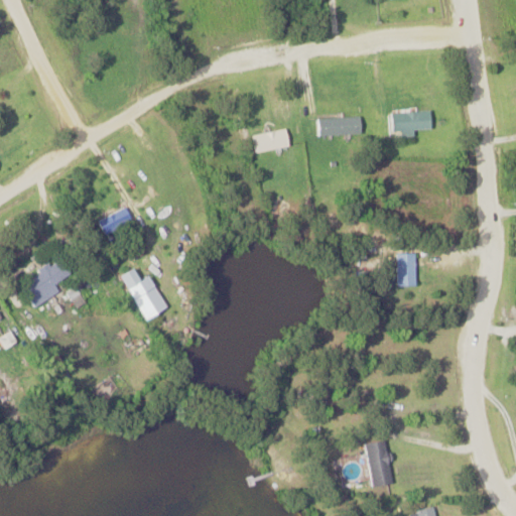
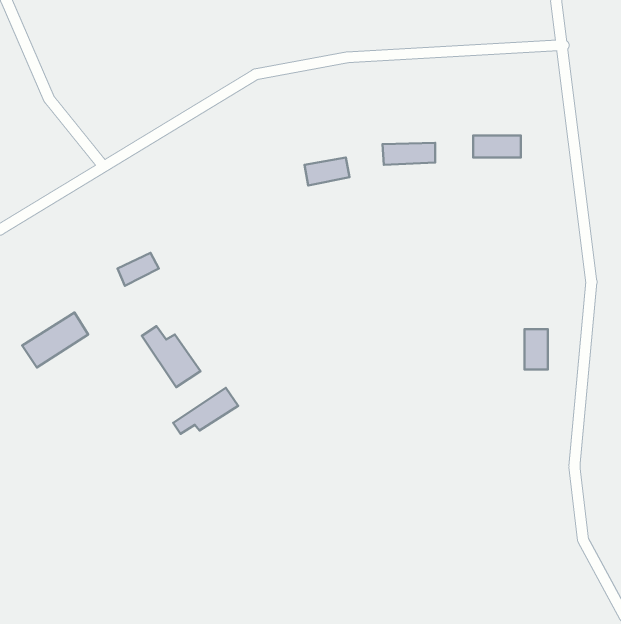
building: [398,254,417,287] -> [525,329,548,370]
building: none -> [173,388,238,434]
building: [365,441,392,488] -> none

